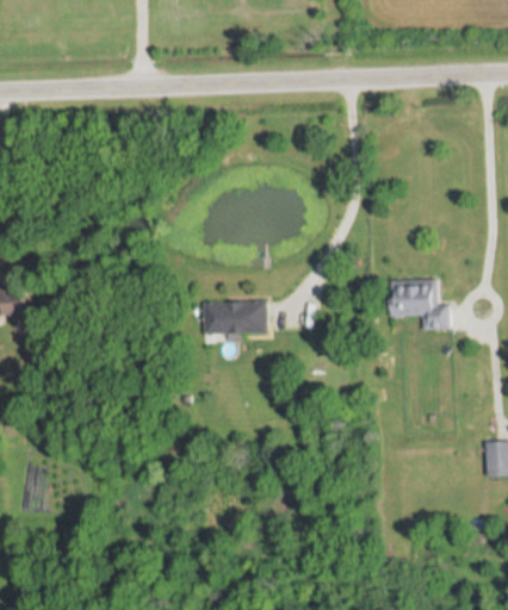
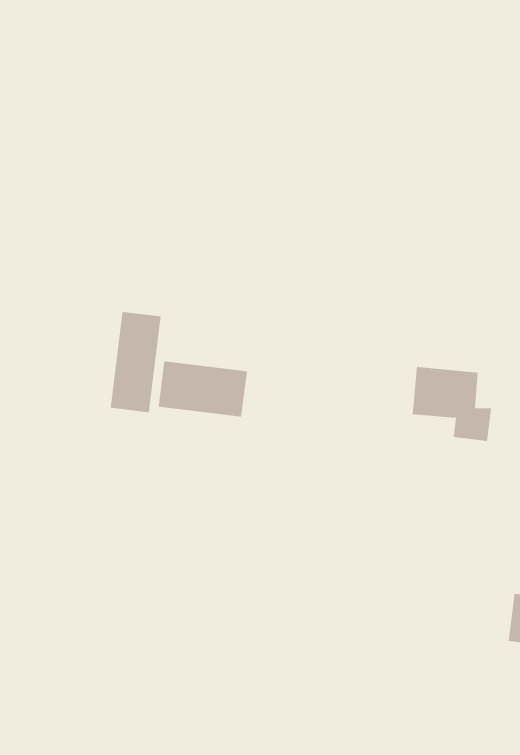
building: none -> [110,311,161,413]

